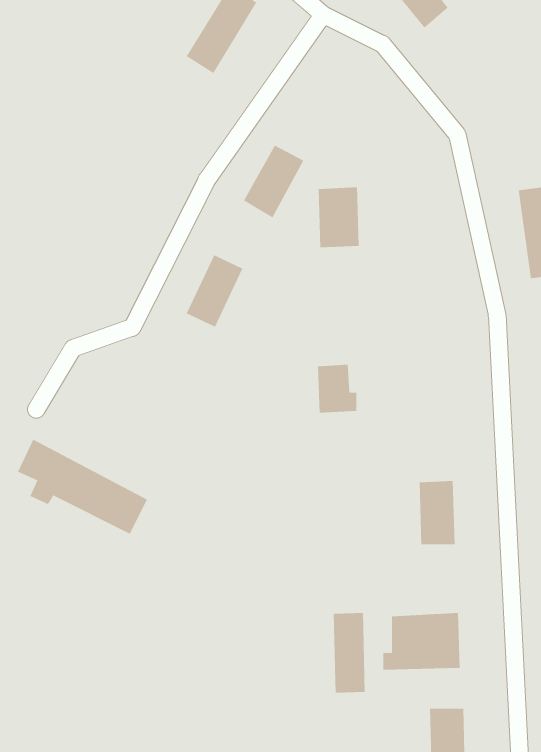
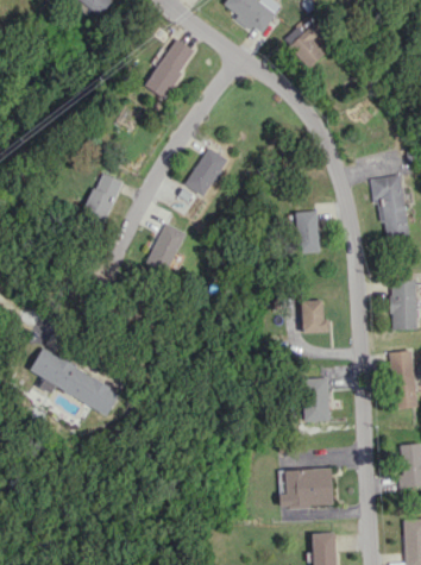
building: none -> [87,172,122,218]
building: [318,187,359,248] -> [291,212,320,253]
building: [317,364,357,413] -> [302,300,329,333]
building: [333,612,365,694] -> none

